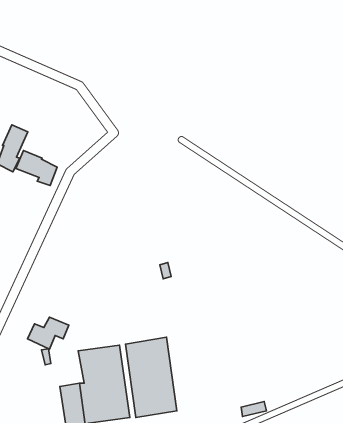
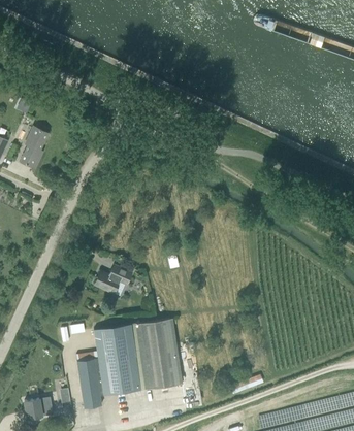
building: [16,151,57,186] -> none
building: [28,317,69,349] -> [95,265,132,294]

